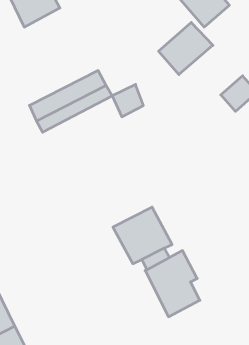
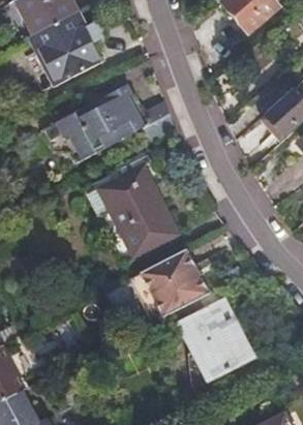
building: none -> [30,11,101,84]
building: [159,22,213,75] -> none
building: none -> [97,158,177,255]

